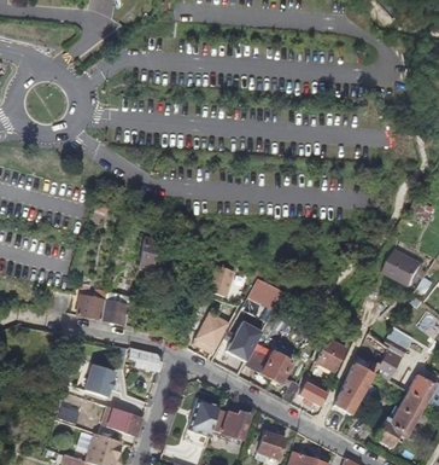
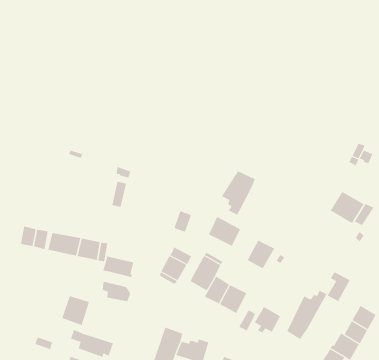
building: none -> [221,170,255,216]
building: none -> [103,256,134,278]
building: [314,339,345,372] -> [247,240,275,269]

